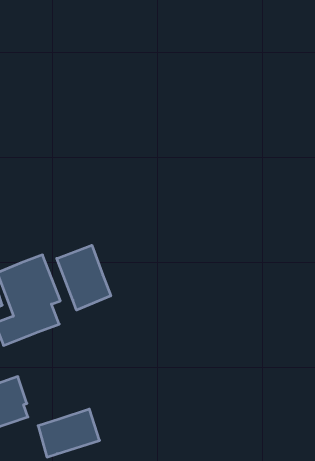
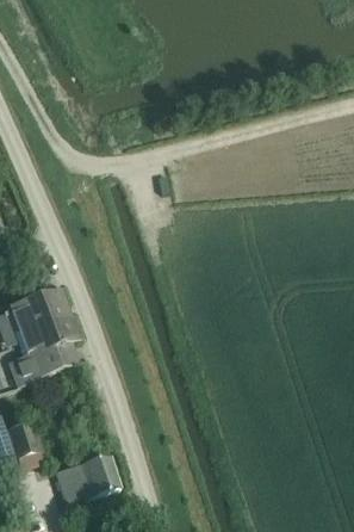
building: [57,245,111,310] -> none

